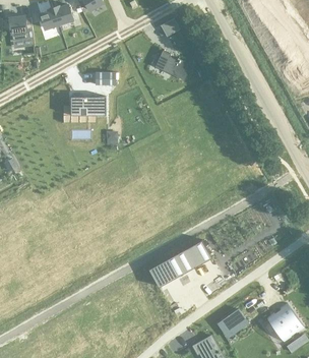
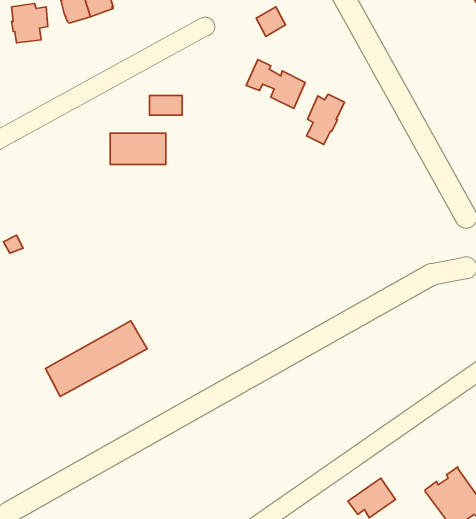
building: none -> [306,94,344,144]
building: [148,239,211,286] -> [45,321,147,396]

